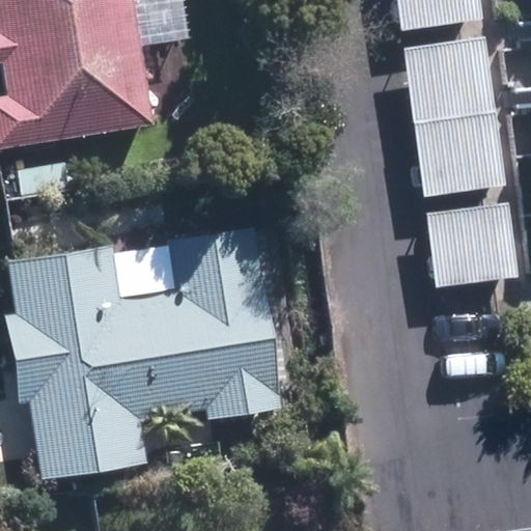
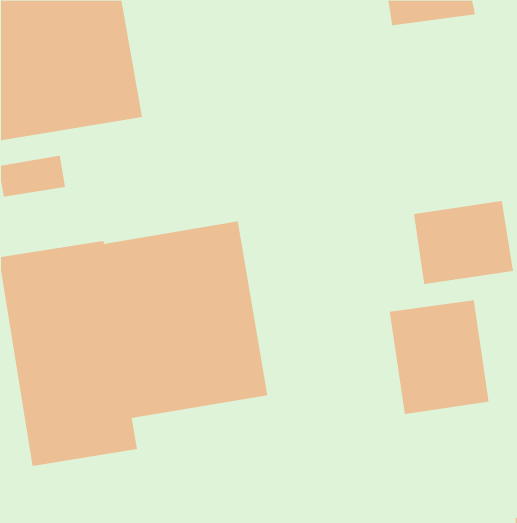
building: [403,40,509,191] -> none
building: none -> [389,300,489,415]

